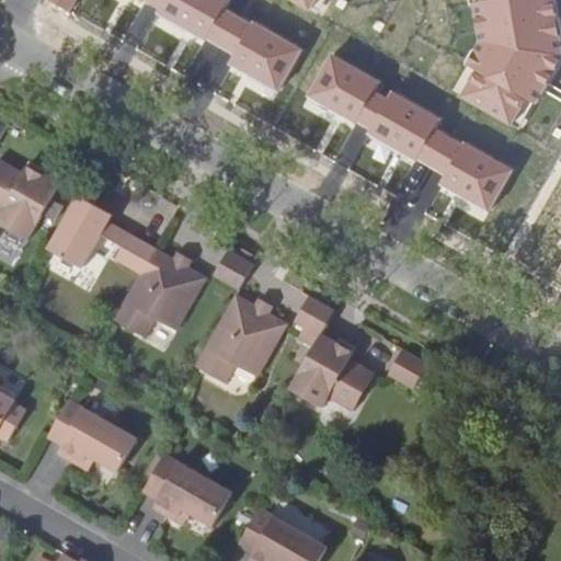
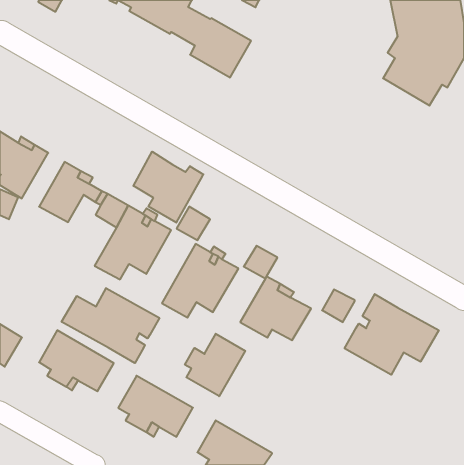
building: [305,53,513,213] -> none
building: none -> [133,152,203,223]
building: none -> [62,288,159,363]
building: none -> [345,294,439,375]
building: none -> [185,334,245,396]

